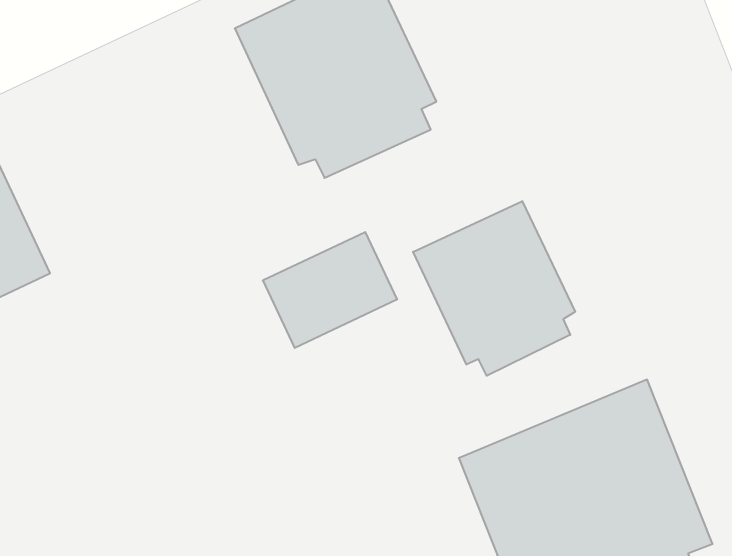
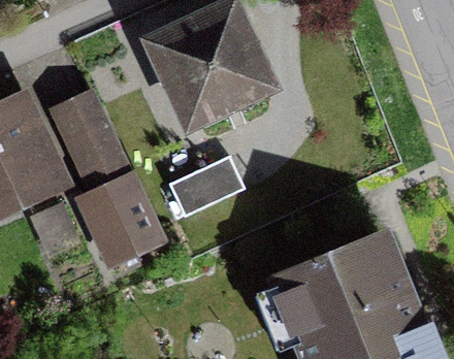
building: none -> [55,97,158,260]
building: [413,201,575,376] -> none

